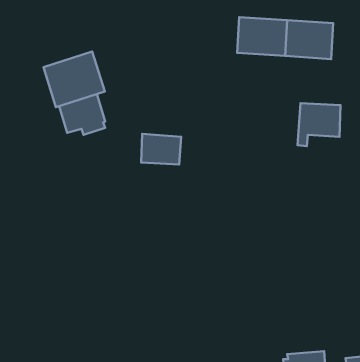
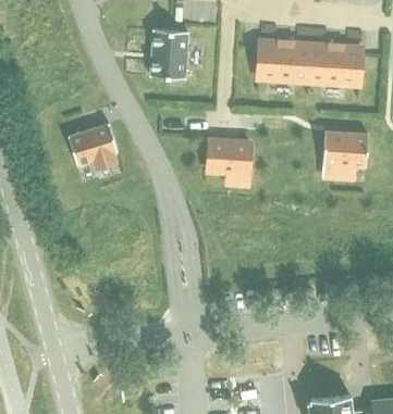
building: none -> [156,34,188,78]
building: [43,51,105,107] -> none
building: [141,134,181,164] -> [208,140,250,173]

